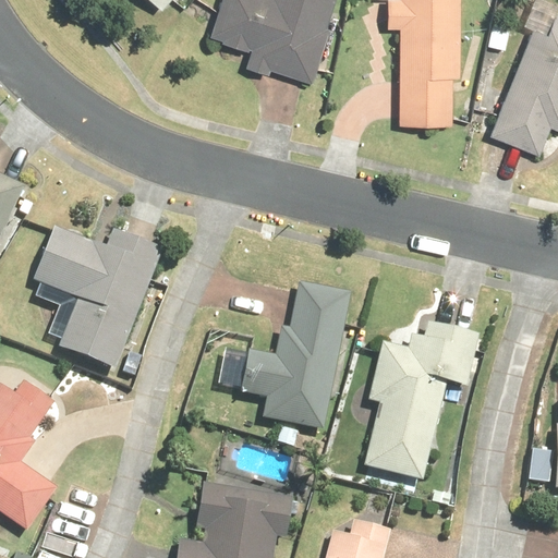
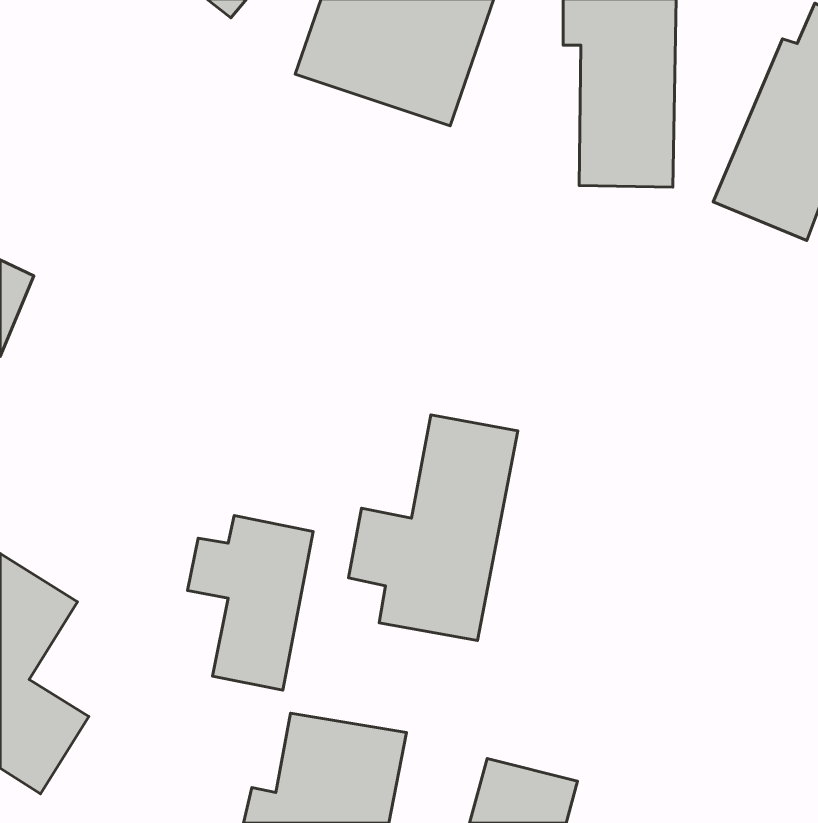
building: [32,216,166,371] -> none
building: [362,316,482,481] -> none
building: none -> [188,515,313,690]

